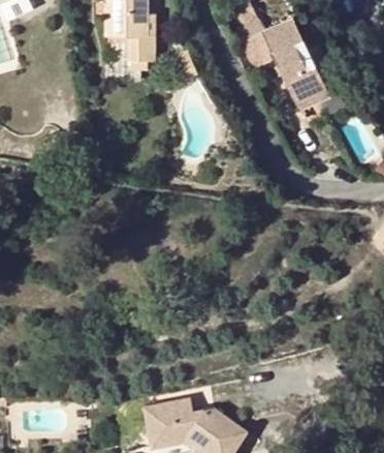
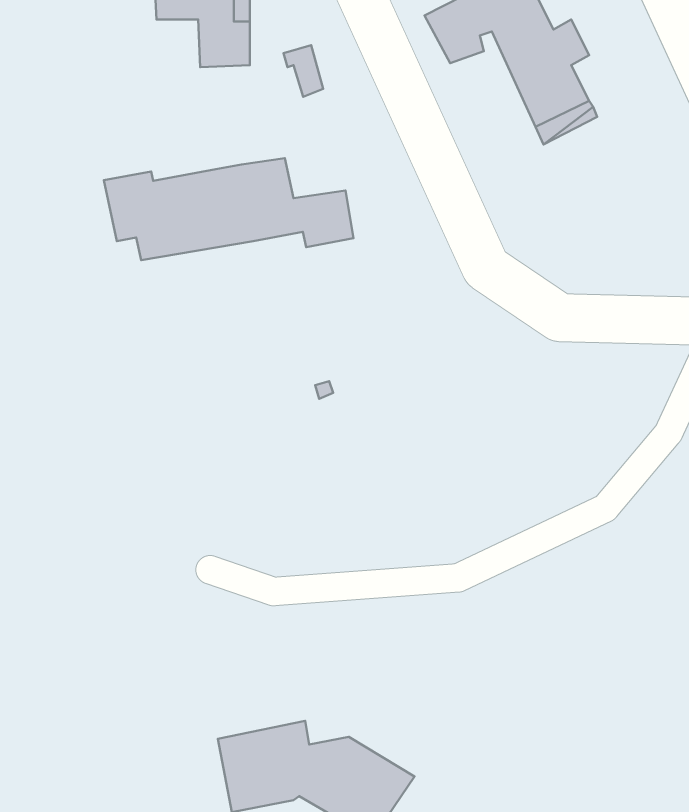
building: none -> [104,158,353,260]

